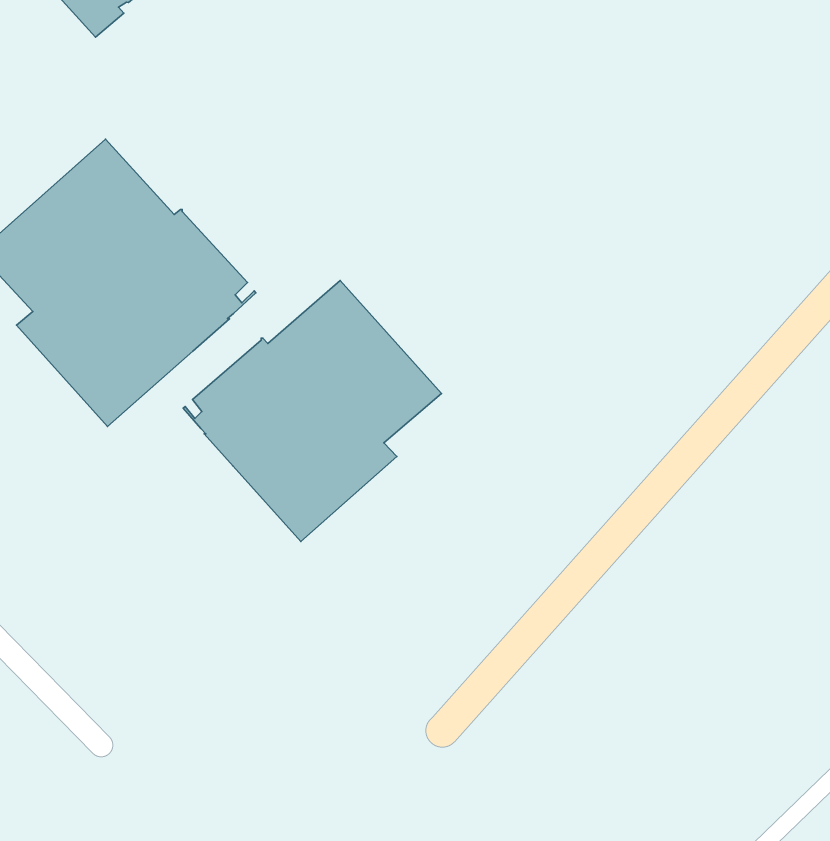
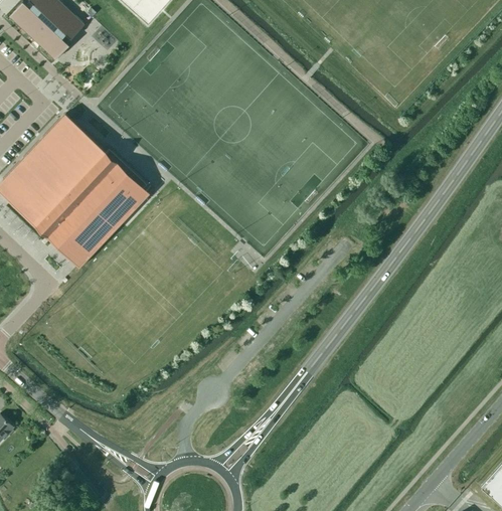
building: [183,280,442,542] -> none

